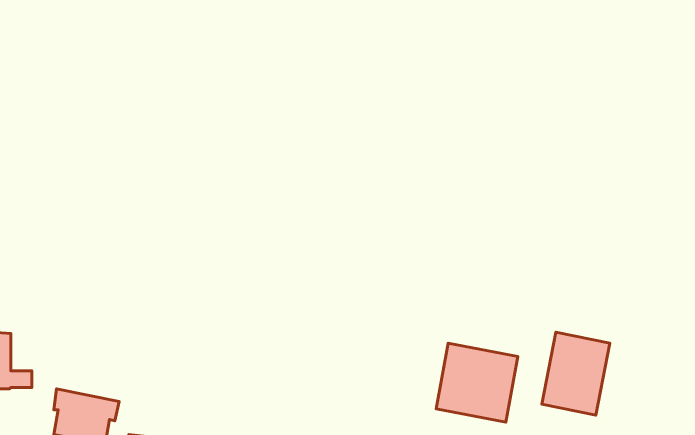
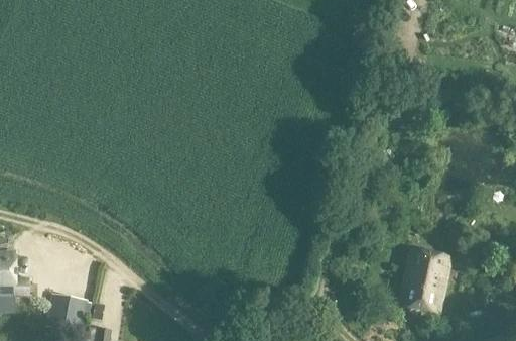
building: [436,343,518,422] -> none

